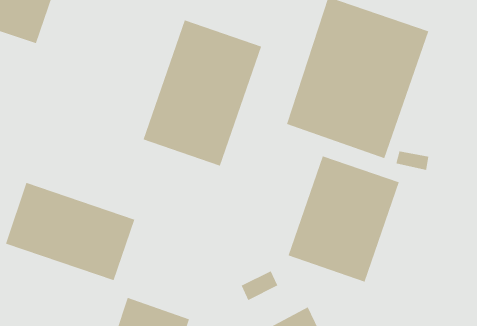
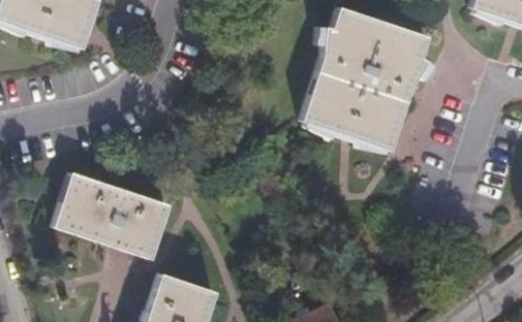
building: [143,19,262,167] -> none
building: [288,155,400,282] -> none

